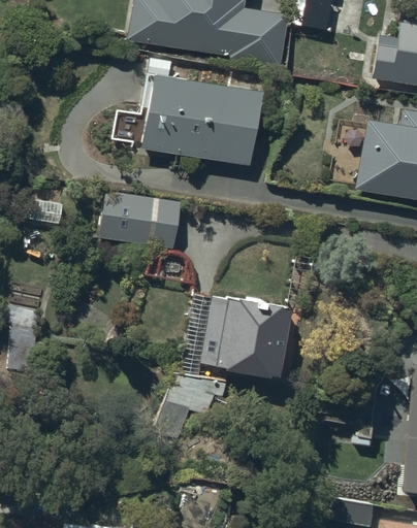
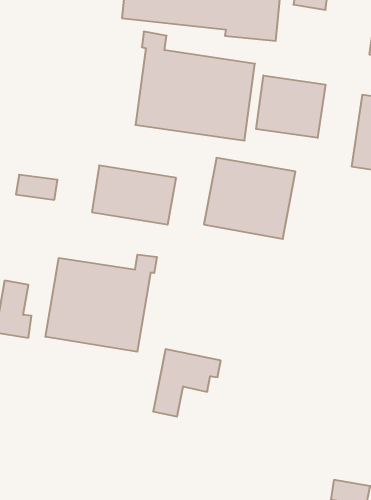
building: none -> [256,75,326,138]
building: none -> [46,255,157,352]
building: [200,296,291,376] -> [204,158,295,239]

